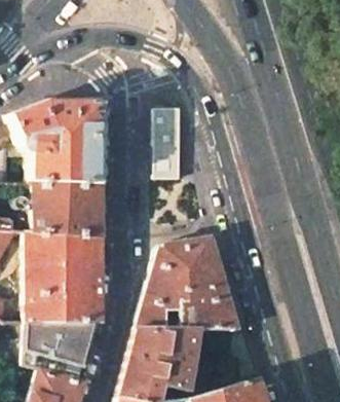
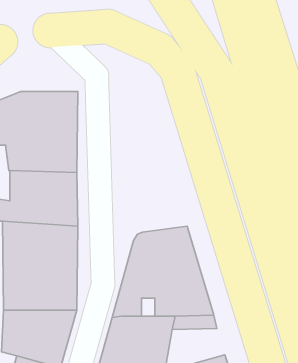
building: [156,109,182,179] -> none

